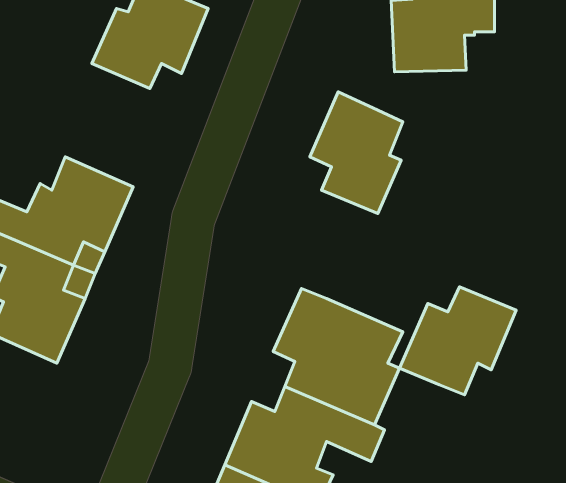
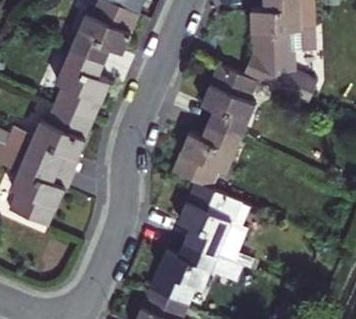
building: none -> [53,47,110,121]
building: none -> [241,51,313,102]
building: [400,287,516,395] -> [171,123,241,188]

